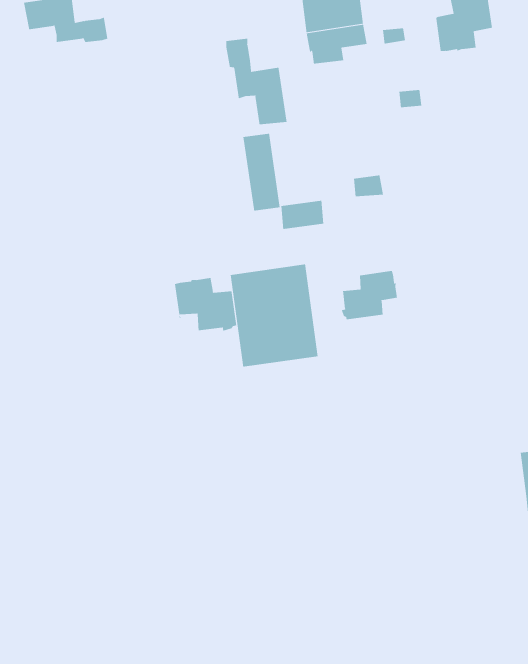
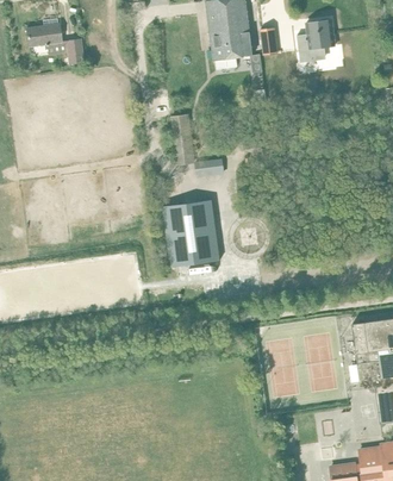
building: [226,38,287,125] -> none
building: [341,270,398,320] -> none
building: [174,277,237,331] -> none

